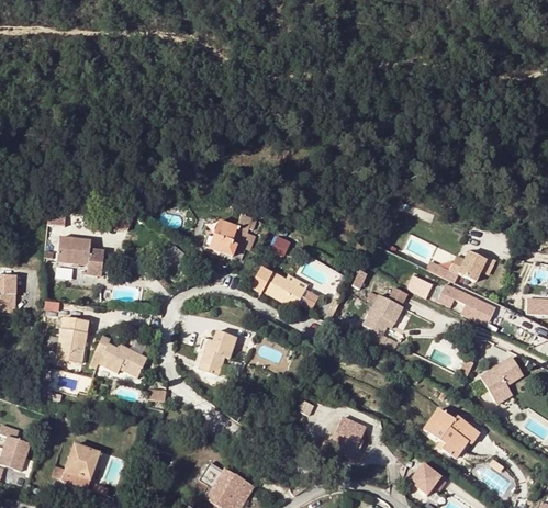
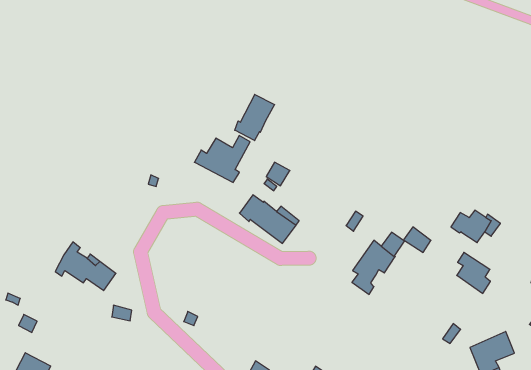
building: none -> [235,94,275,141]
building: [57,237,102,275] -> none
building: [57,317,91,361] -> none
building: [199,330,236,374] -> none

